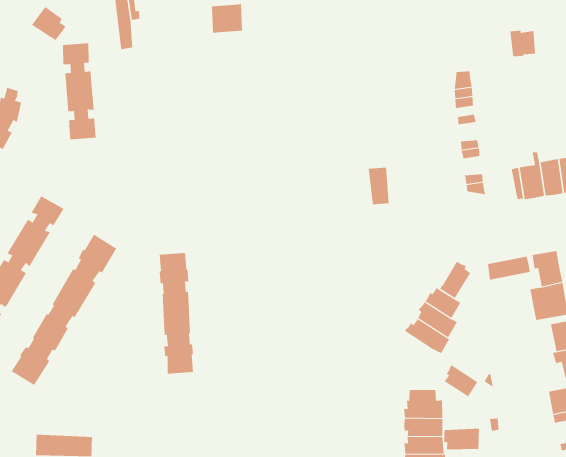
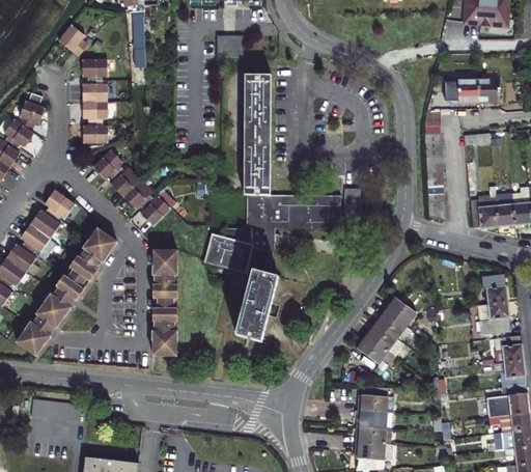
building: none -> [450,77,478,101]
building: none -> [207,74,340,340]
building: none -> [93,148,175,225]
building: [488,256,530,280] -> none
building: [439,261,471,299] -> none
building: [444,364,478,397] -> [357,333,387,363]
building: [444,428,479,450] -> none

